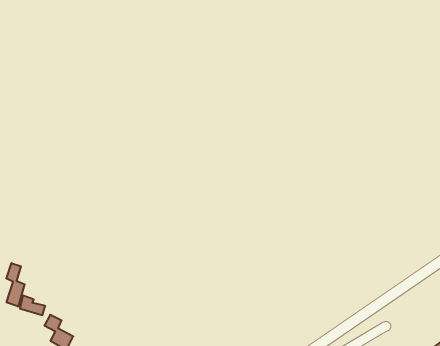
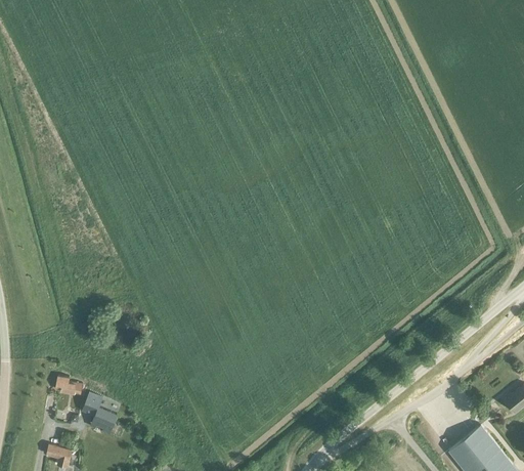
building: [6,263,25,307] -> none

